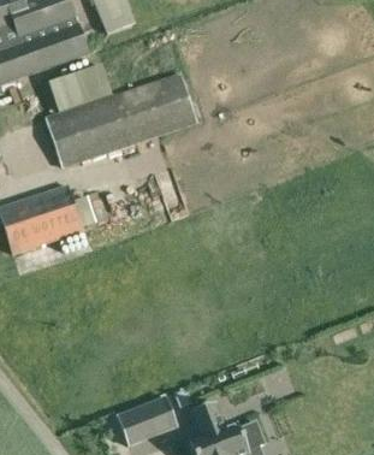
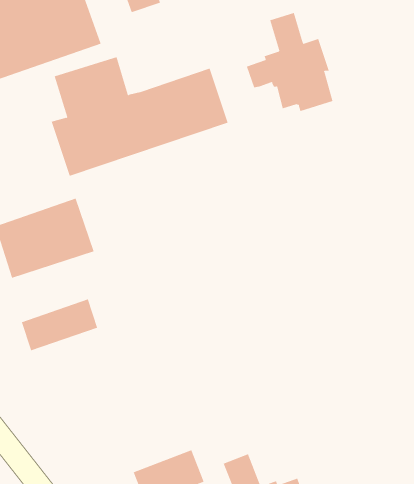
building: none -> [246,12,333,112]
building: none -> [21,299,98,351]

